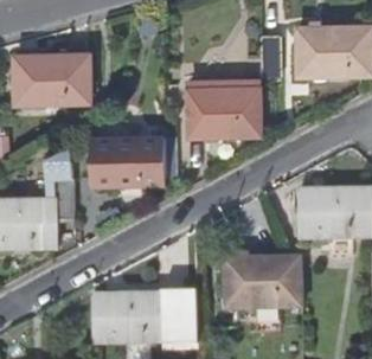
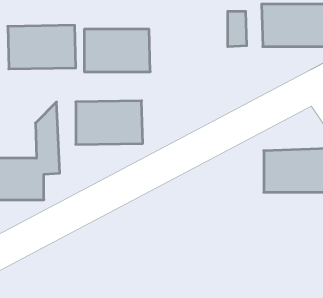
building: [188,86,262,134] -> [84,29,150,72]
building: [226,258,301,307] -> none
building: [94,291,198,341] -> none

